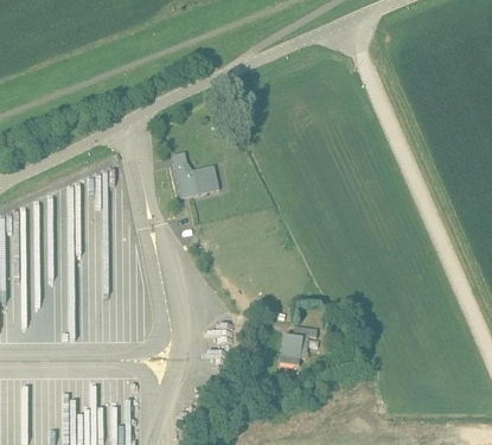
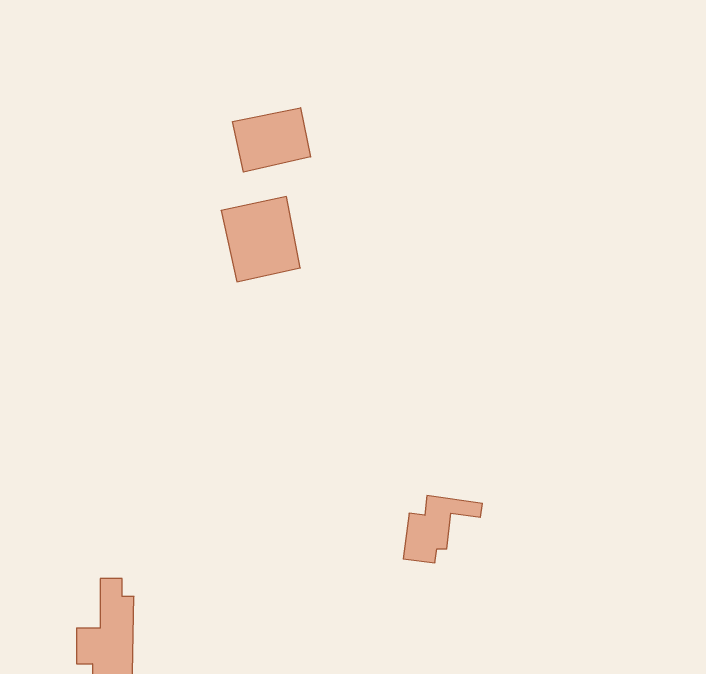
building: none -> [233,108,311,172]

